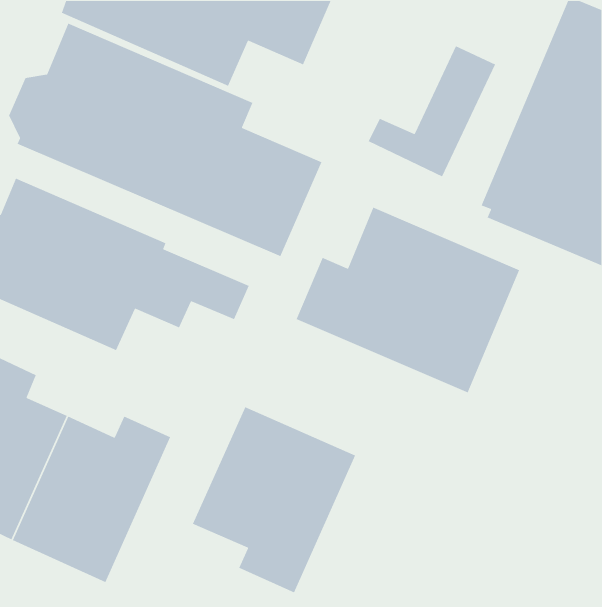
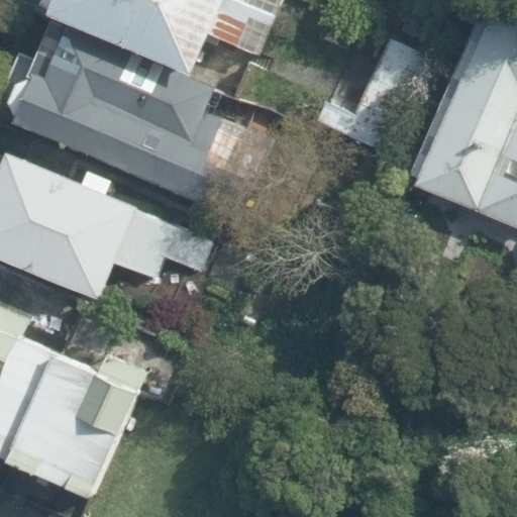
building: [295,207,520,394] -> none
building: [192,406,356,593] -> none

